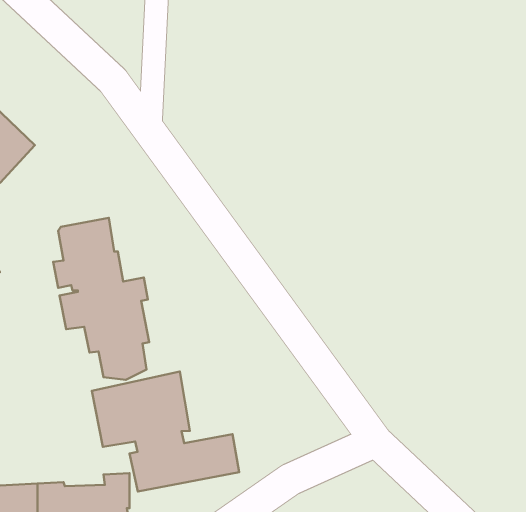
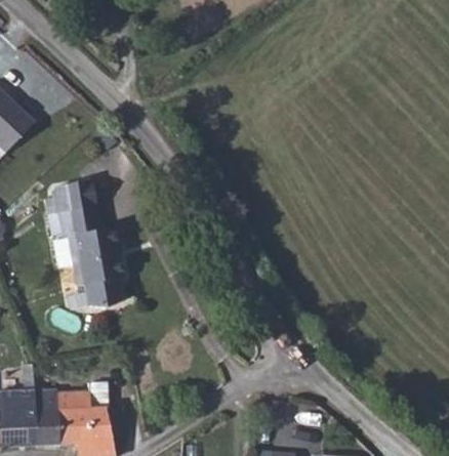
building: [92,371,239,491] -> none

